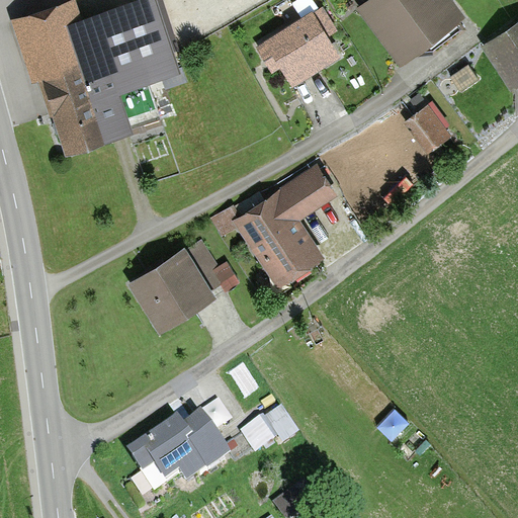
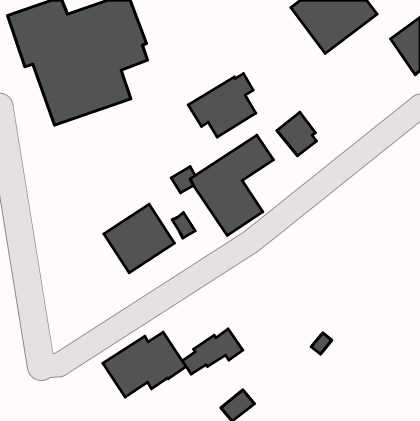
building: [255,9,338,87] -> [188,74,256,137]
building: [404,101,452,155] -> [277,112,316,156]
building: [183,240,221,291] -> none

